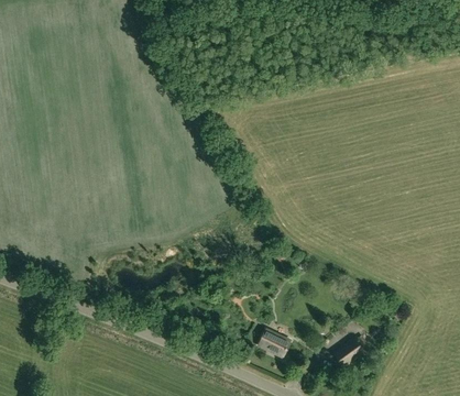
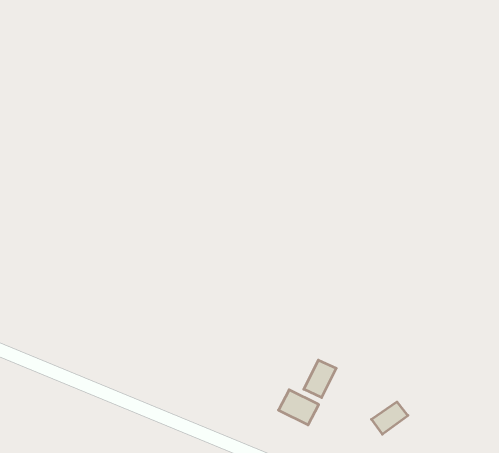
building: none -> [304,360,336,398]

